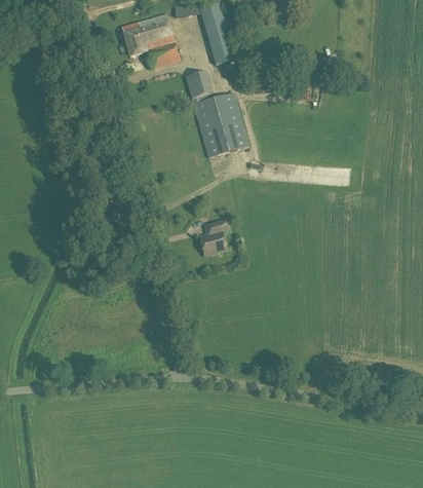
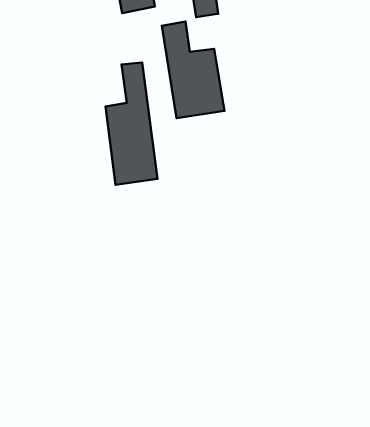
building: none -> [106,62,157,185]
building: [197,218,230,255] -> none

